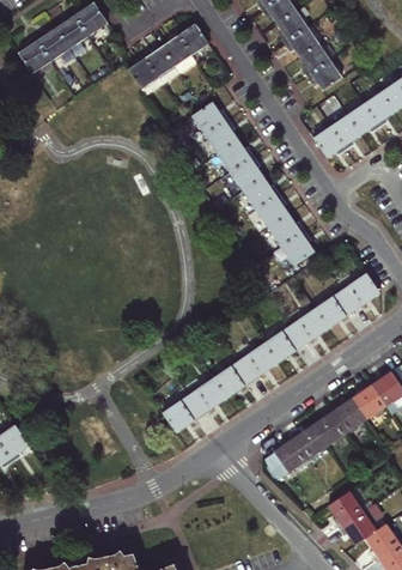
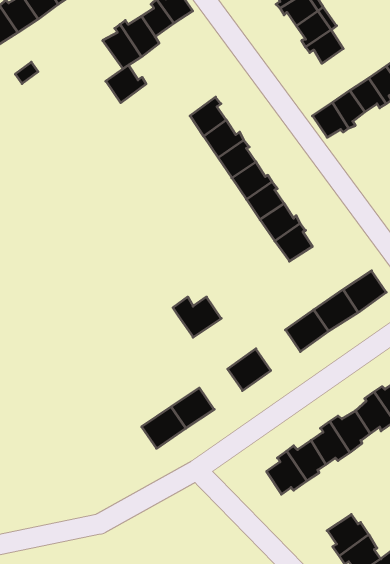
building: [191,103,227,137] -> [106,65,146,103]
building: [263,327,303,363] -> none
building: [208,362,251,398] -> [173,297,221,337]

